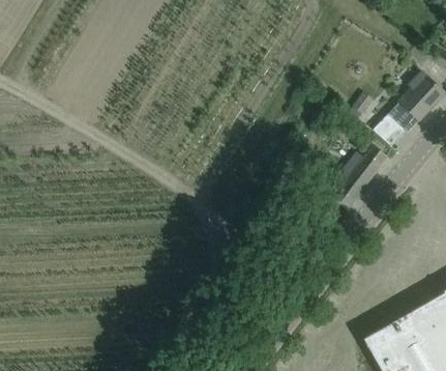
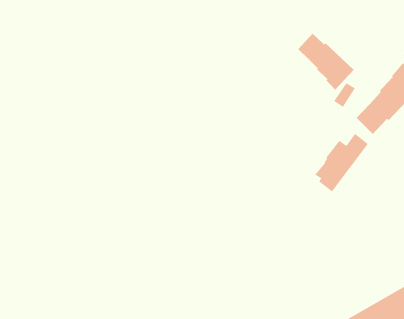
building: none -> [298,33,355,90]

